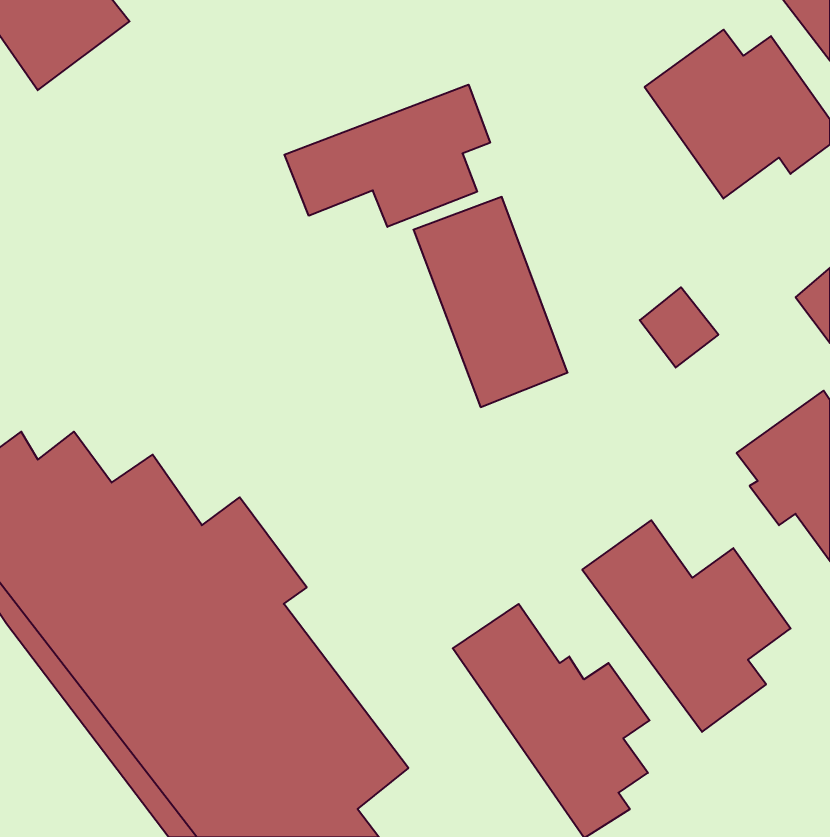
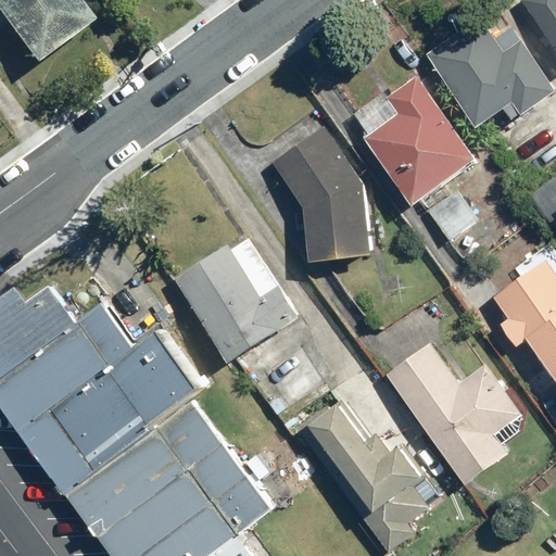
building: [284,85,490,227] -> none
building: none -> [353,76,478,208]
building: none -> [175,235,300,363]

